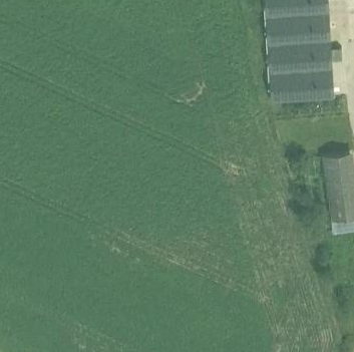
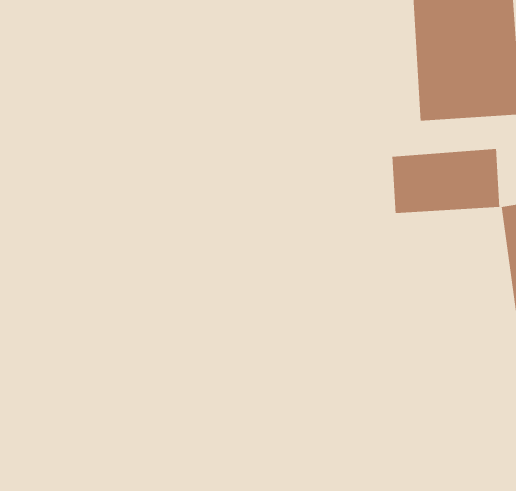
building: none -> [392,148,500,214]

